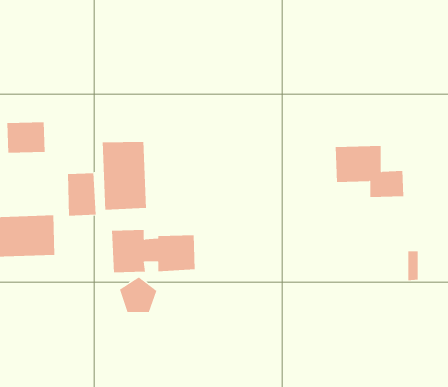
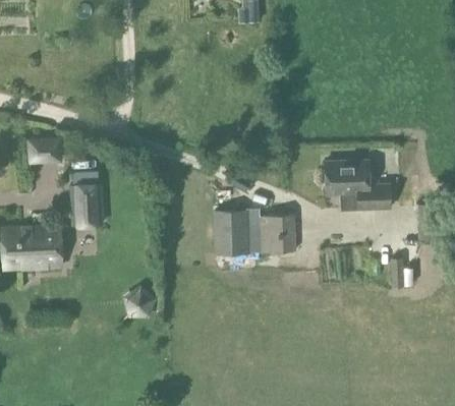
building: [102,141,147,211] -> none
building: [111,229,196,273] -> [216,211,295,251]

